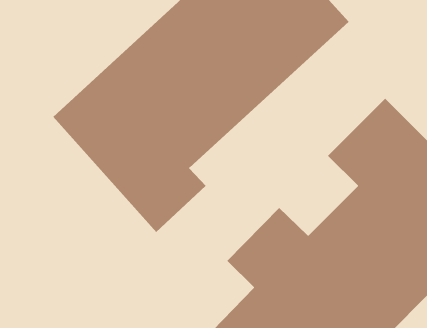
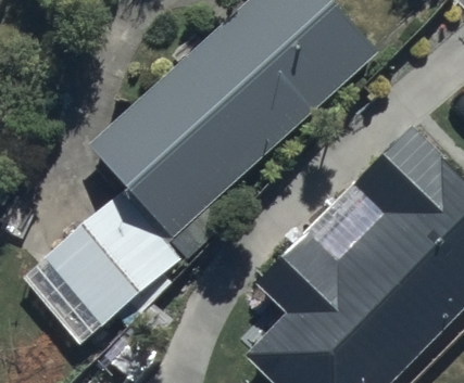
building: none -> [43,192,179,325]

